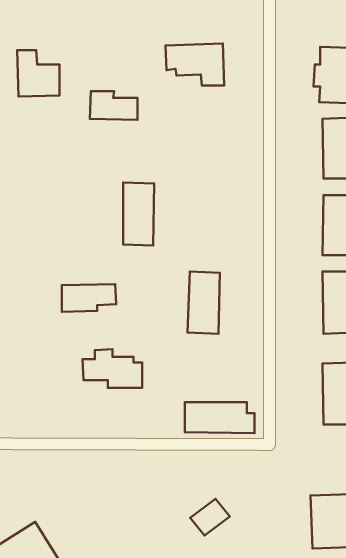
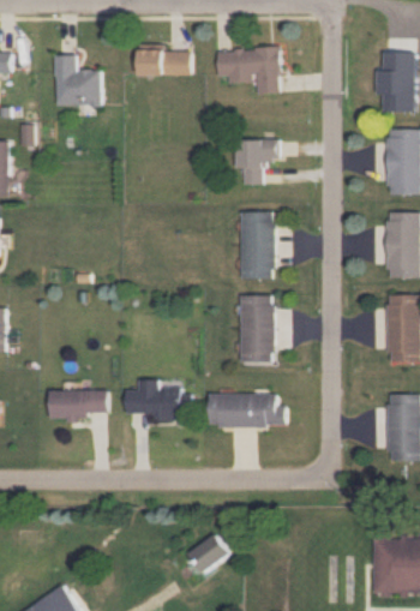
building: [90,91,137,120] -> [137,44,188,76]
building: none -> [234,139,277,184]
building: [123,182,154,246] -> [240,211,274,280]
building: [62,284,116,312] -> [49,390,108,420]
building: [185,402,255,433] -> [209,394,284,427]
building: [190,499,230,535] -> [184,537,227,576]

